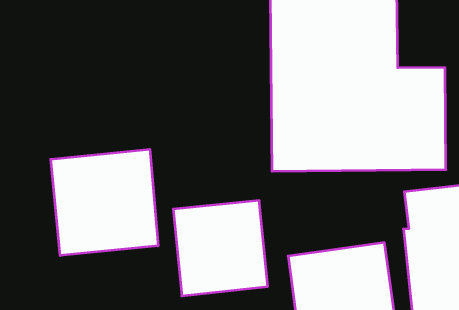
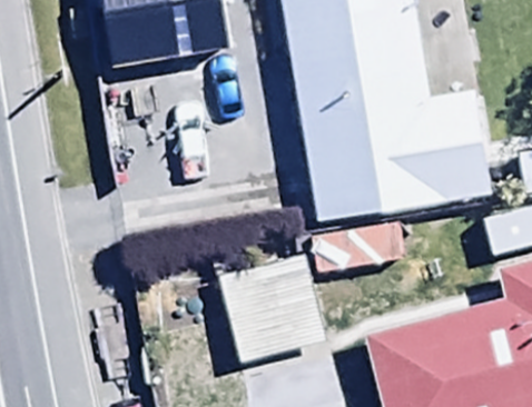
building: [51,149,158,256] -> none

